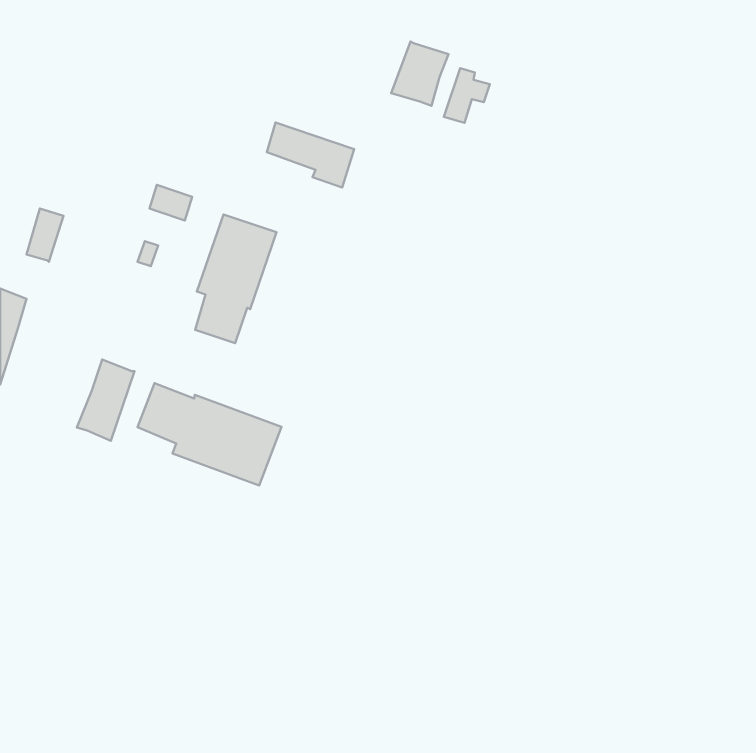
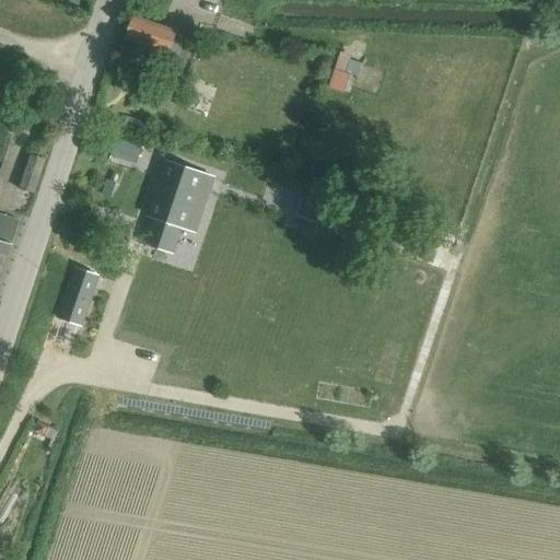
building: [391,41,449,106] -> none
building: [267,123,354,188] -> [126,16,190,65]
building: [138,383,282,485] -> none

